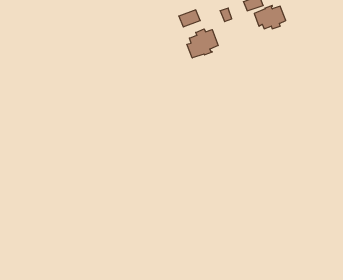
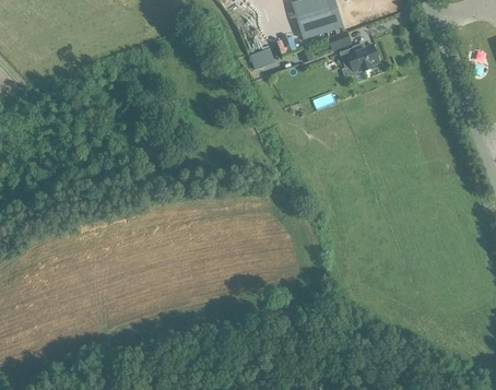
building: [187,29,218,58] -> none

